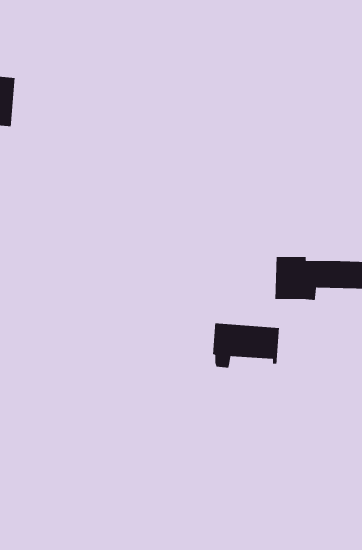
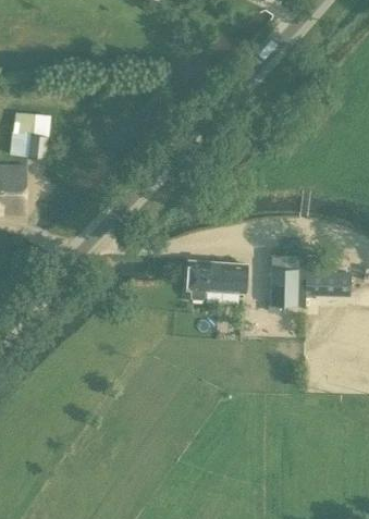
building: [212,322,280,368] -> [186,259,244,298]

